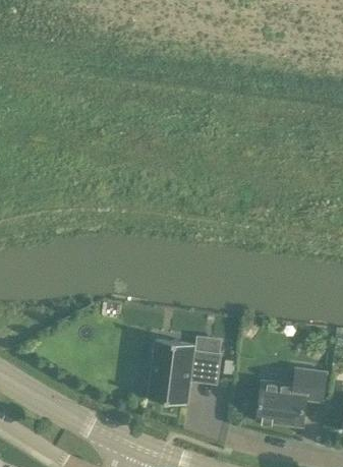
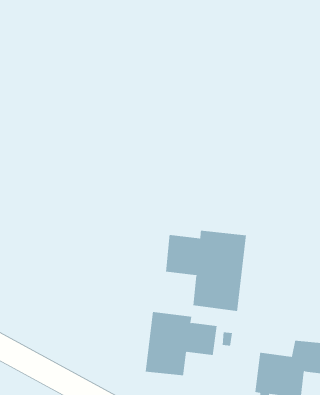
building: none -> [165,230,246,312]

